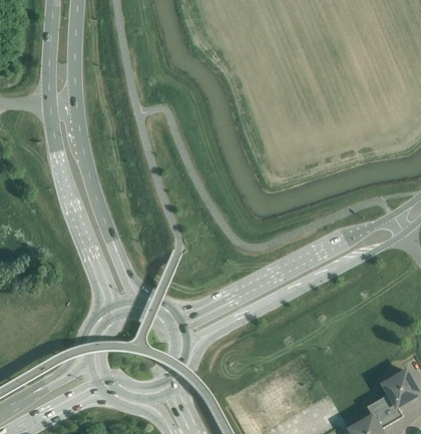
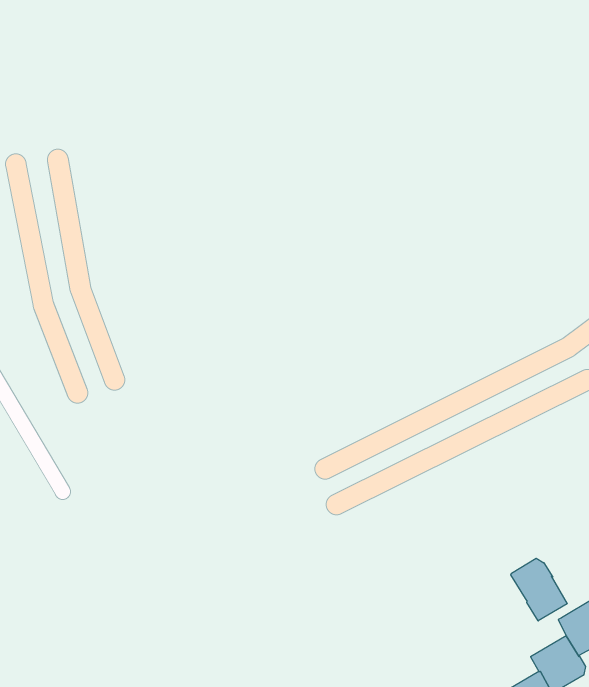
building: none -> [511,558,567,621]

